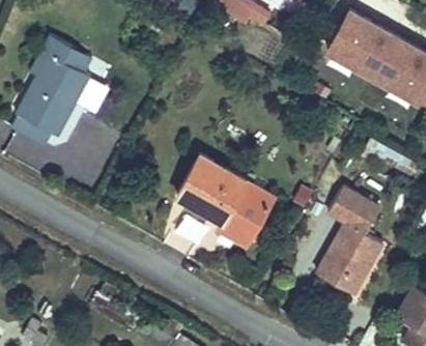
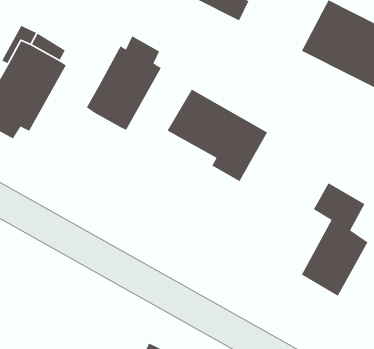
building: none -> [86,35,162,131]
building: [171,156,267,246] -> [166,88,268,182]

